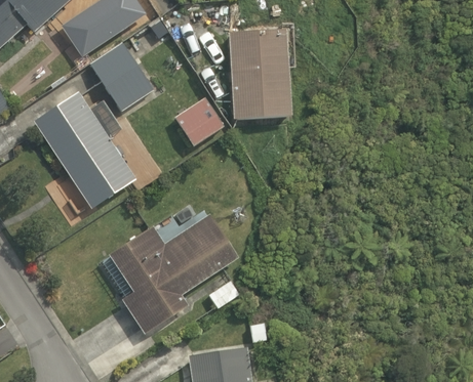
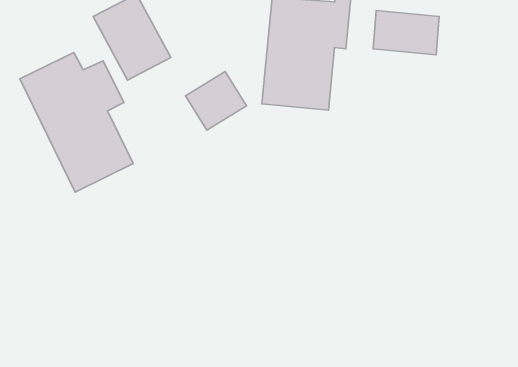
building: none -> [373,10,439,55]
building: [107,210,237,336] -> none

